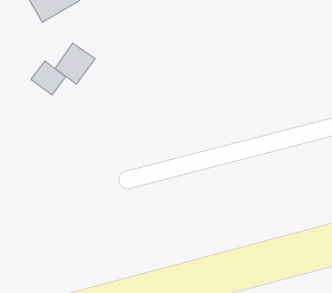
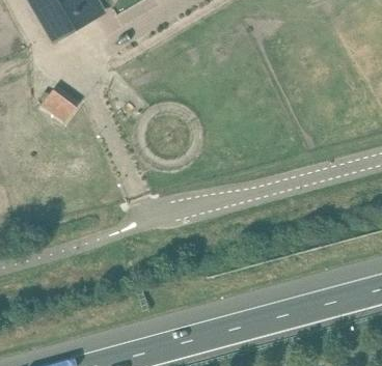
building: [55,43,95,84] -> none

